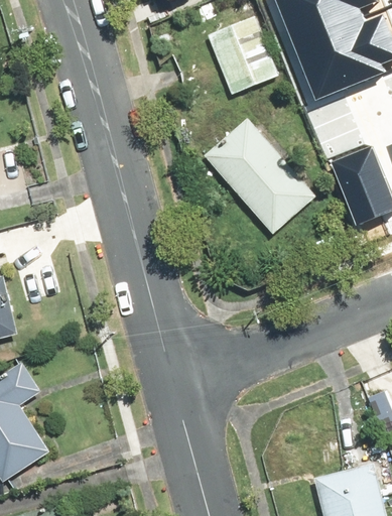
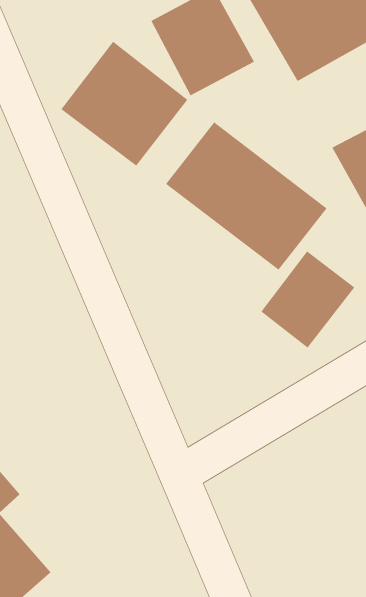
building: none -> [61,41,188,167]
building: none -> [260,251,355,348]

